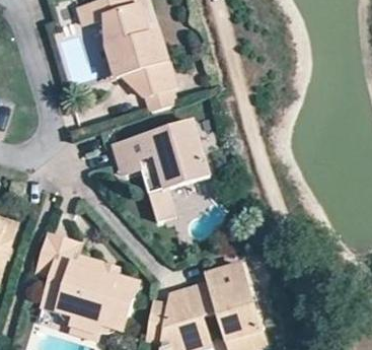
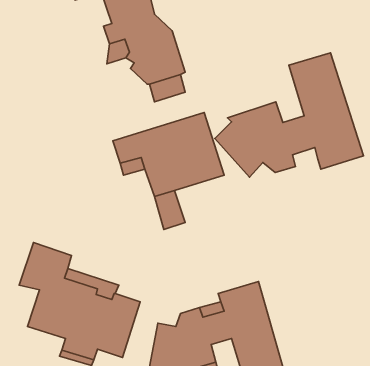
building: none -> [215,53,364,177]

